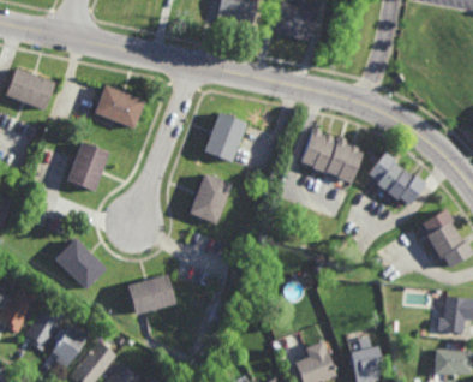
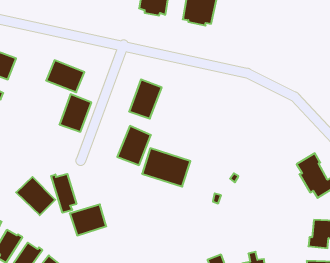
building: [299,131,363,181] -> [142,148,190,187]
building: [67,141,109,190] -> [59,94,91,132]
building: [369,150,427,204] -> none
building: none -> [51,174,76,213]

